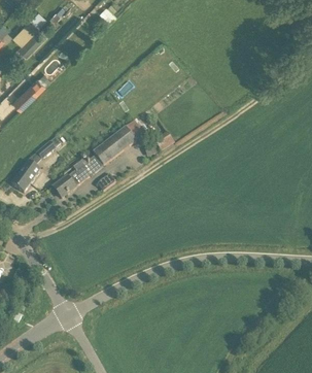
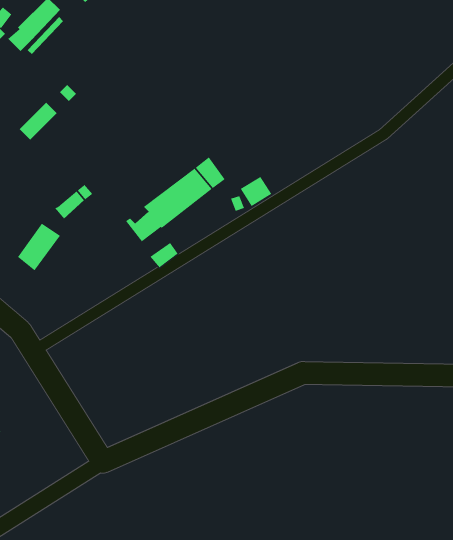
building: [53,163,91,200] -> none

